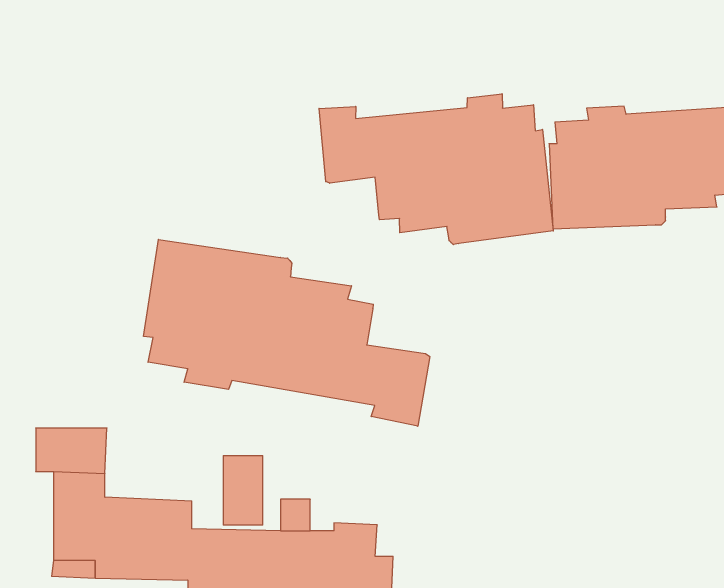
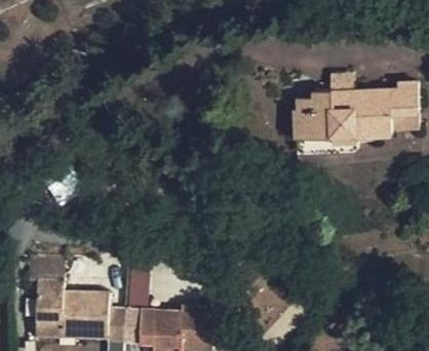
building: [319,94,553,245] -> none
building: [144,239,430,426] -> none

